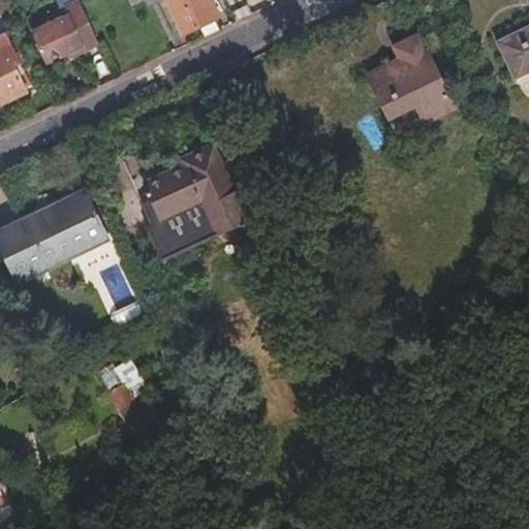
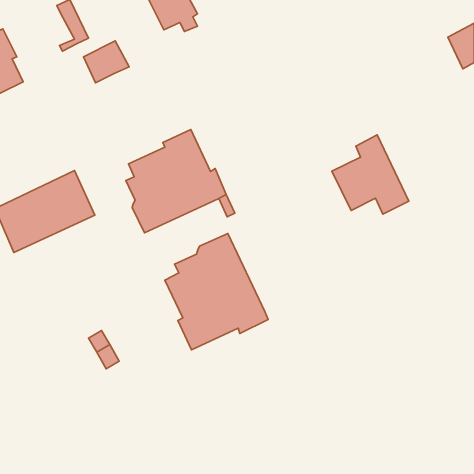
building: [32,14,83,61] -> [83,41,129,83]
building: [367,33,453,121] -> [332,135,409,214]
building: none -> [165,233,268,350]

